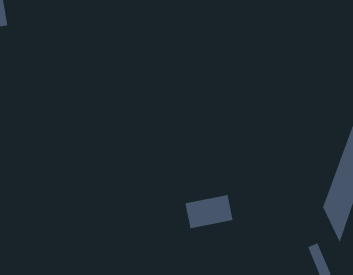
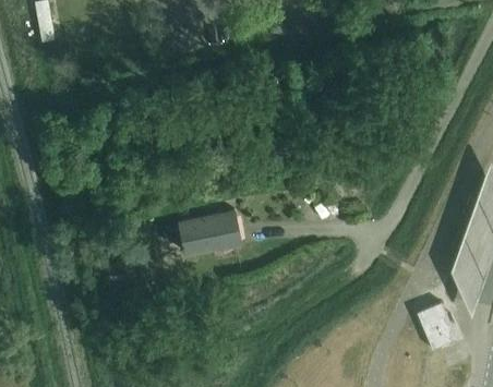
building: [185,194,234,229] -> [182,211,243,255]

